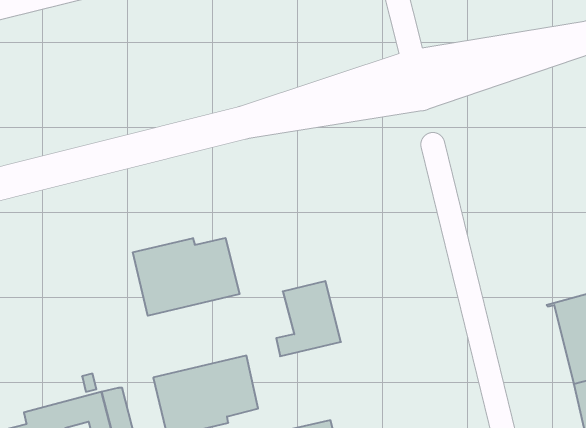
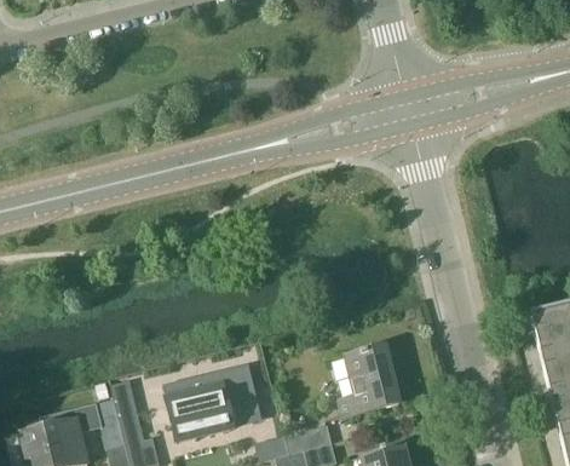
building: [133,238,240,316] -> none
building: [276,281,341,356] -> [338,345,398,415]

